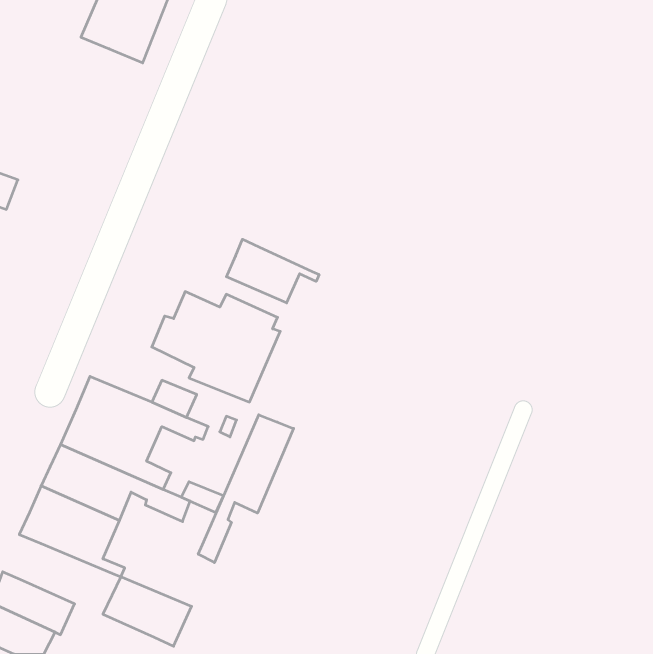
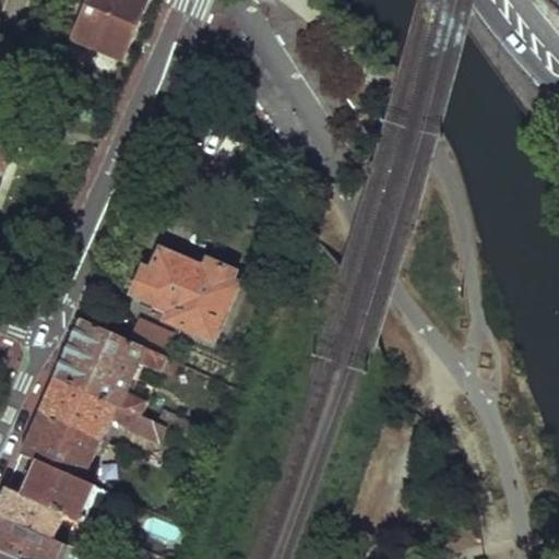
building: [226,239,319,303] -> none
building: [198,415,294,563] -> none
building: [103,577,192,646] -> [20,462,95,521]

